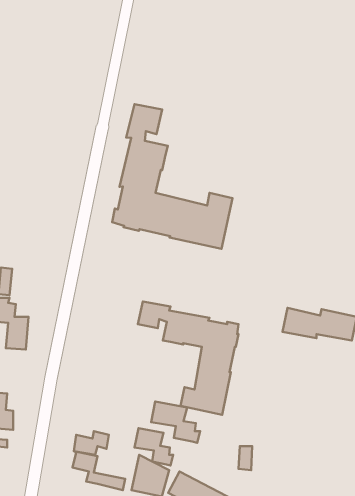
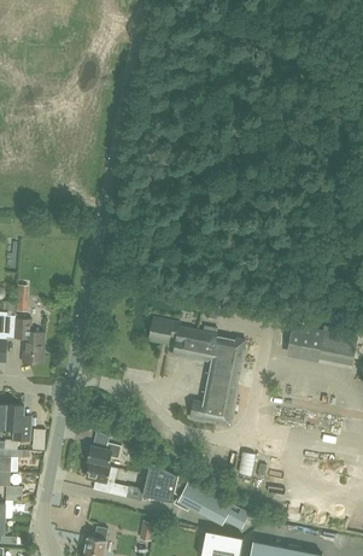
building: [112,104,232,249] -> none
building: [151,401,200,443] -> none
building: [135,428,173,465] -> none

